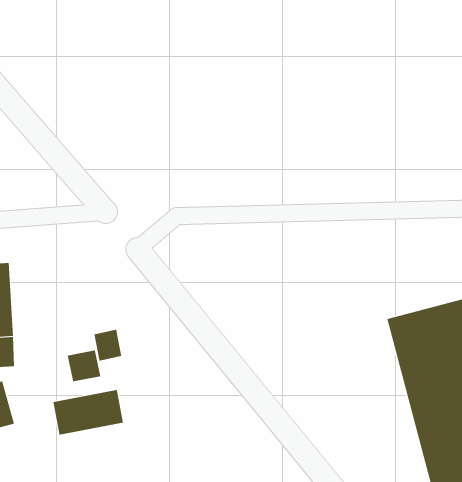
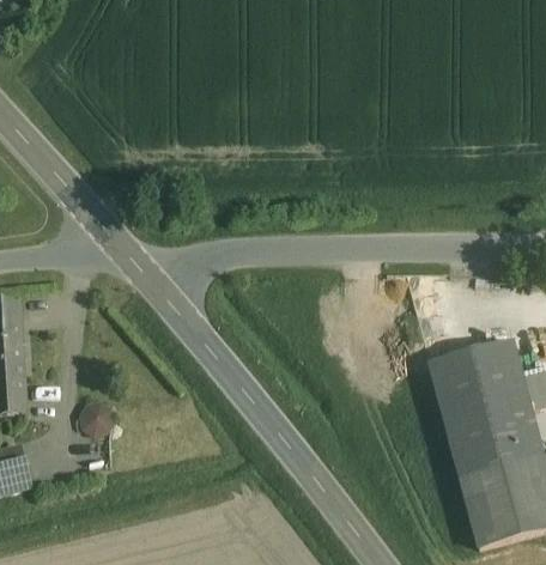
building: [94,329,122,362] -> none
building: [53,389,123,435] -> none

